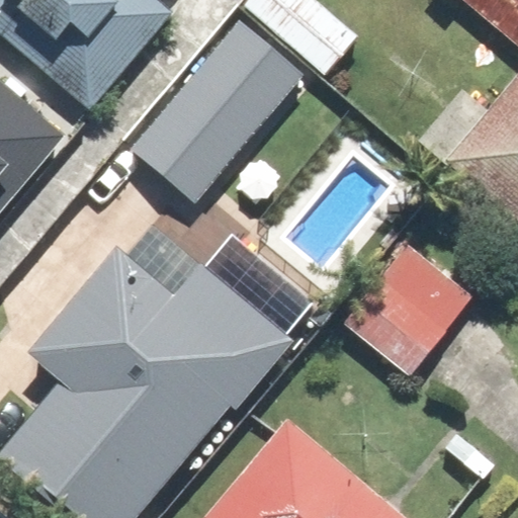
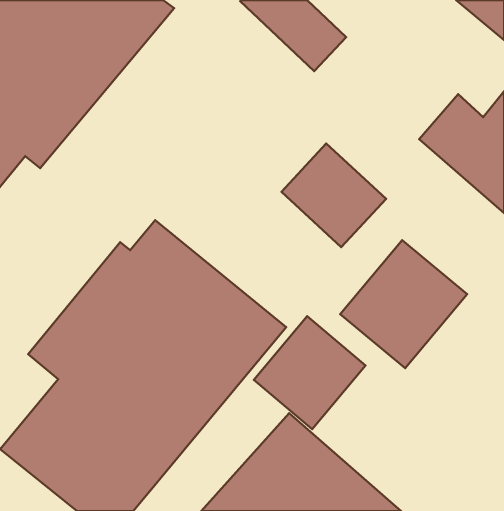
building: [130,17,309,200] -> none
building: none -> [281,144,386,247]
building: none -> [254,316,366,429]

